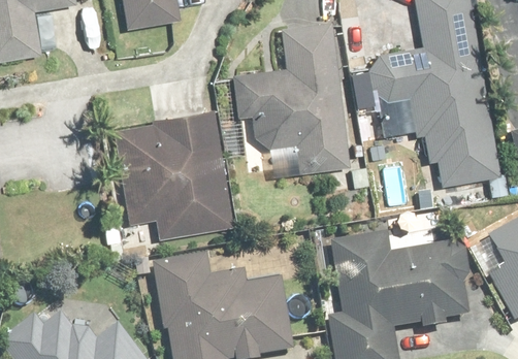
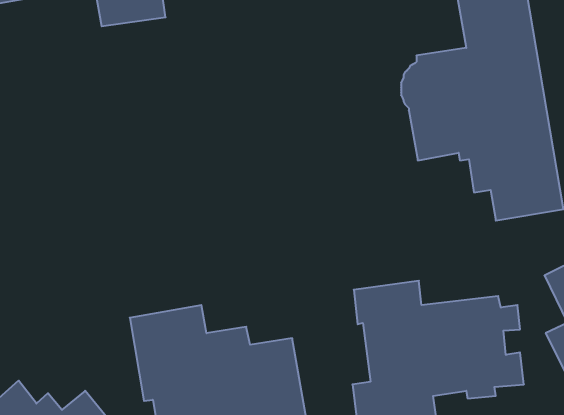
building: [233,22,349,173] -> none
building: [111,109,231,234] -> none

